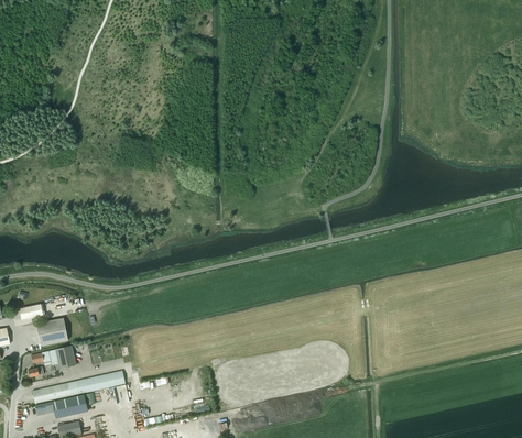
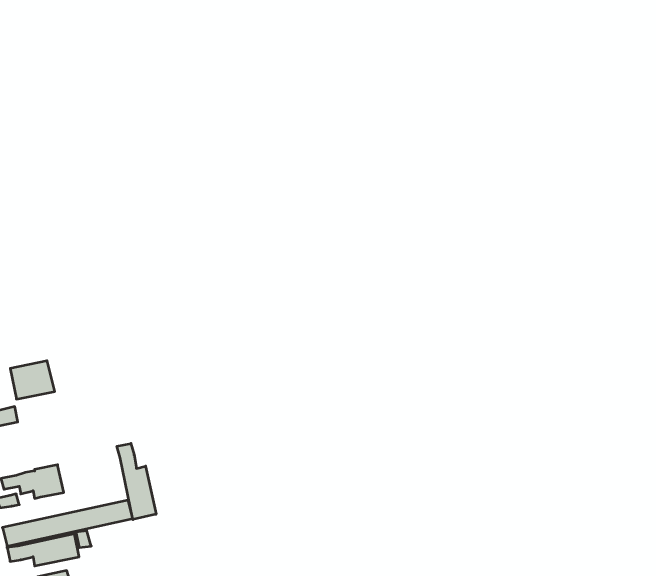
building: [36,317,68,344] -> [10,361,55,399]
building: none -> [117,443,156,520]

